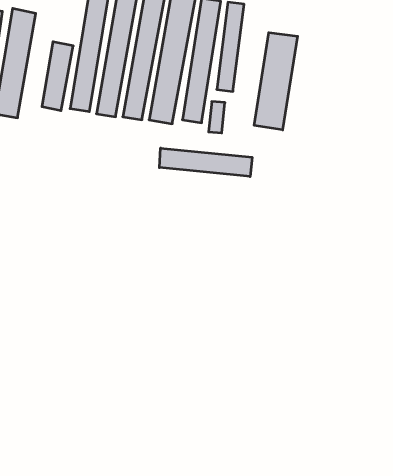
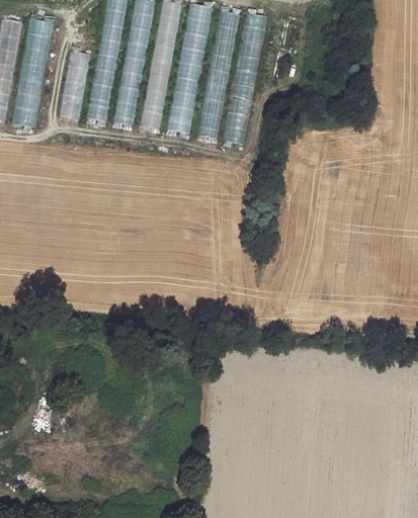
building: [254,33,298,130] -> none
building: [159,148,252,177] -> none

